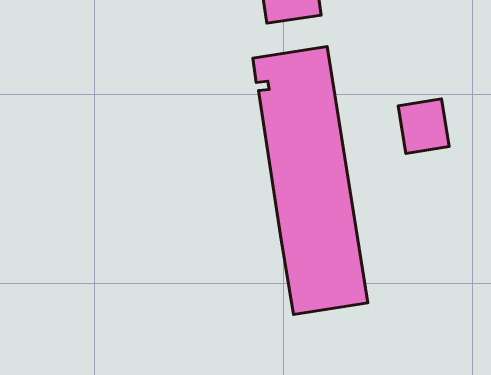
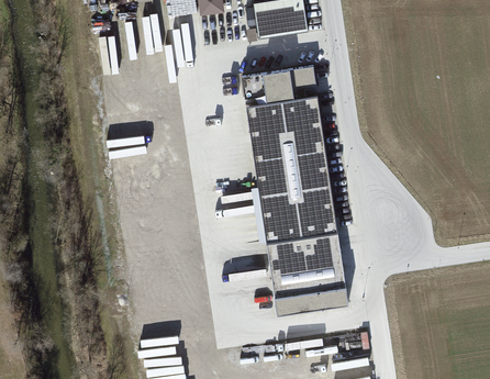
building: [398,99,449,153] -> none

